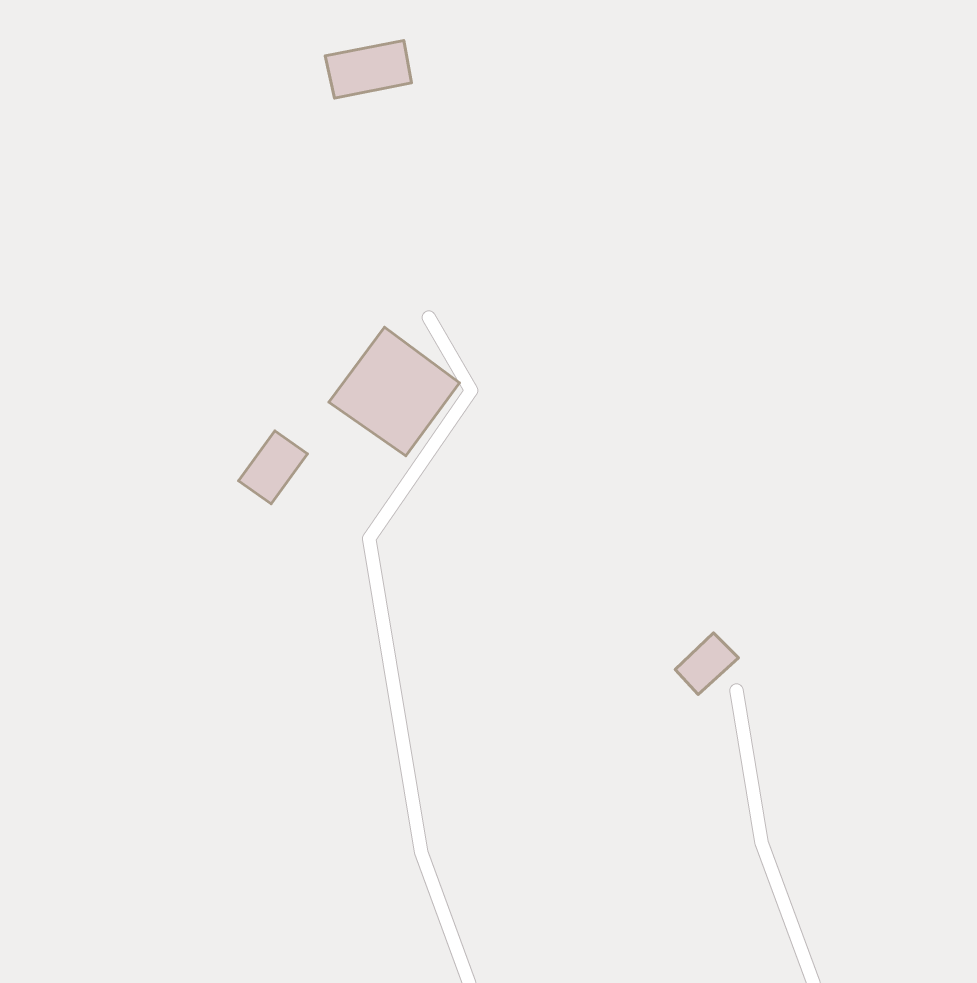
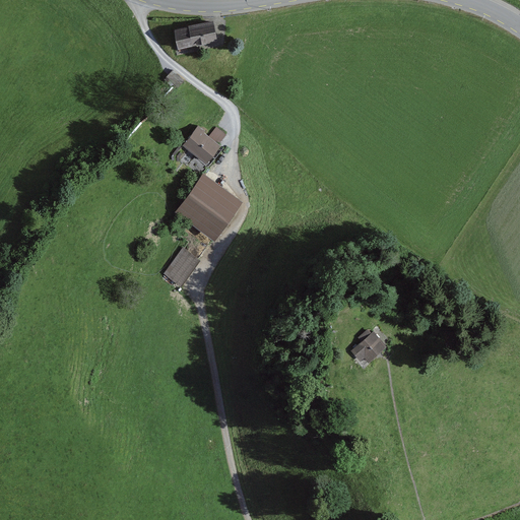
building: none -> [182,125,220,164]
building: [238,431,308,504] -> [161,248,198,286]

